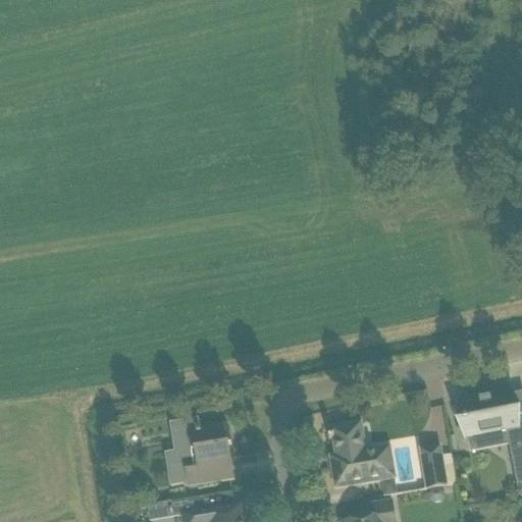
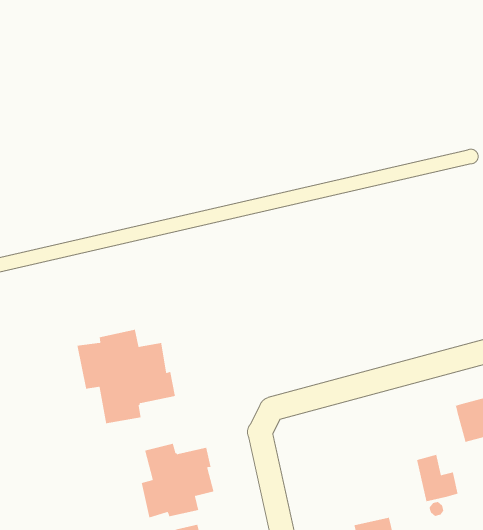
building: none -> [76,329,176,424]
building: [329,424,396,490] -> none

